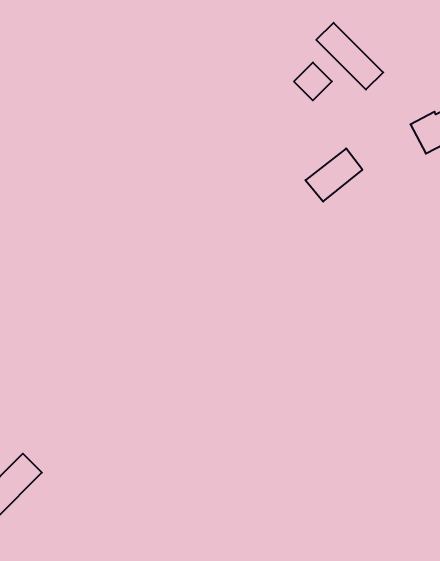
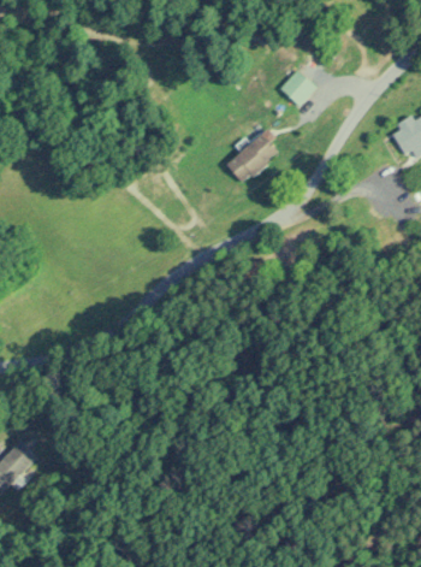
building: [316,23,383,90] -> none
building: [305,148,362,202] -> [225,134,279,184]

